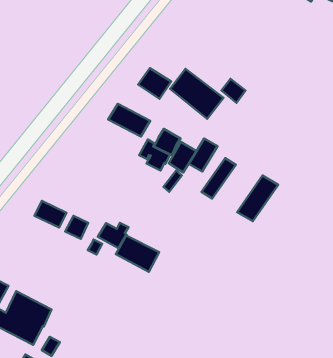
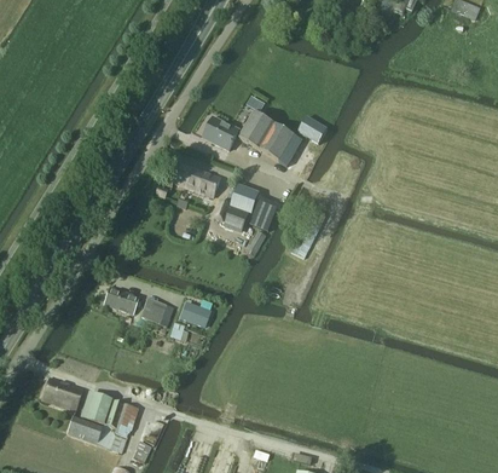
building: [189,138,217,172] -> none
building: [237,176,278,221] -> none
building: [116,235,159,272] -> none

